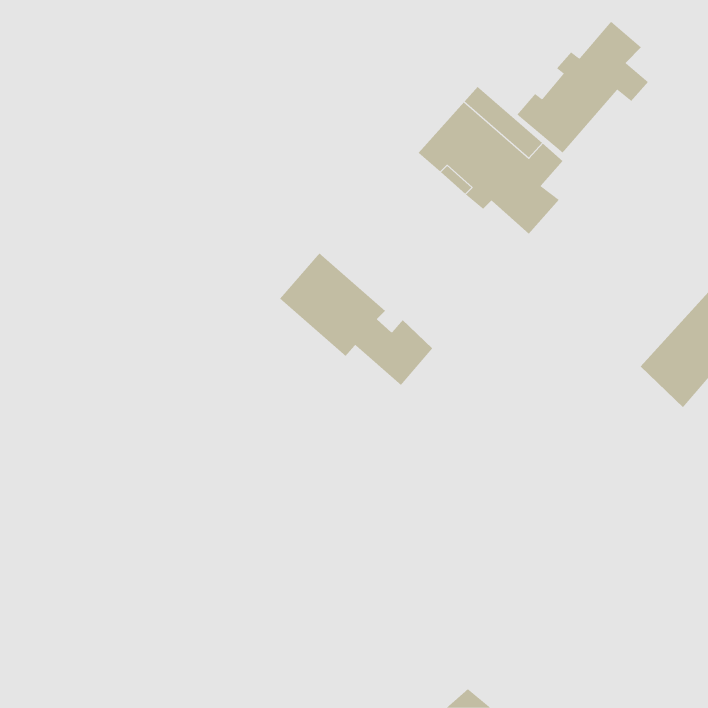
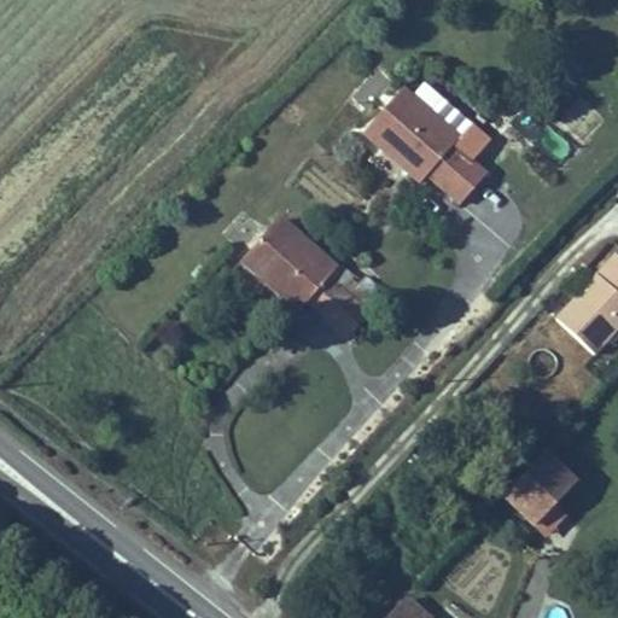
building: [516,21,649,154] -> none
building: none -> [505,453,576,526]

